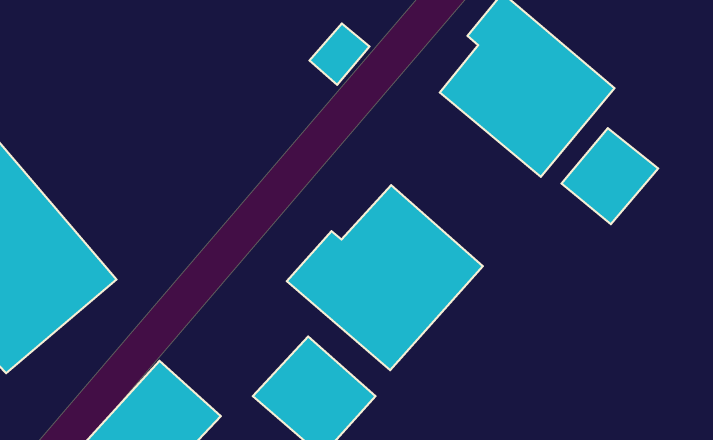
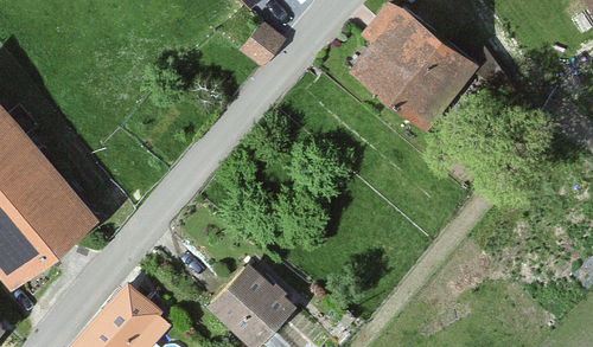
building: [562,128,658,224] -> none
building: [287,185,483,370] -> none

